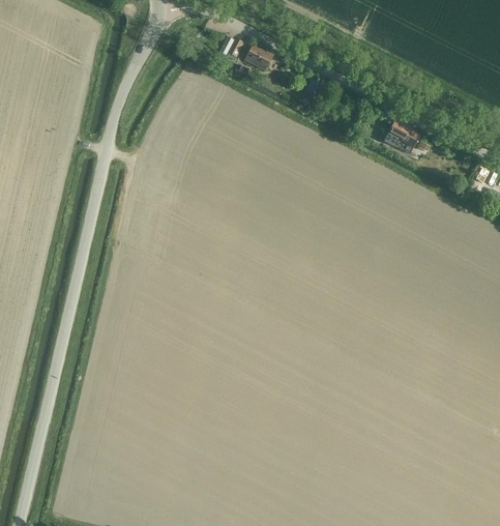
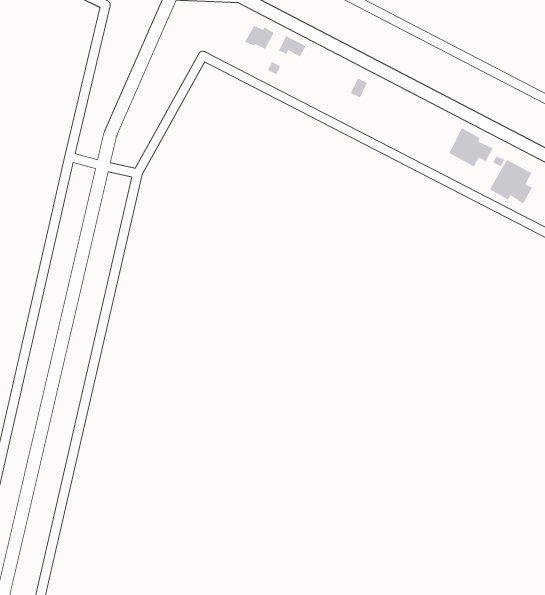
building: none -> [489,159,533,205]

